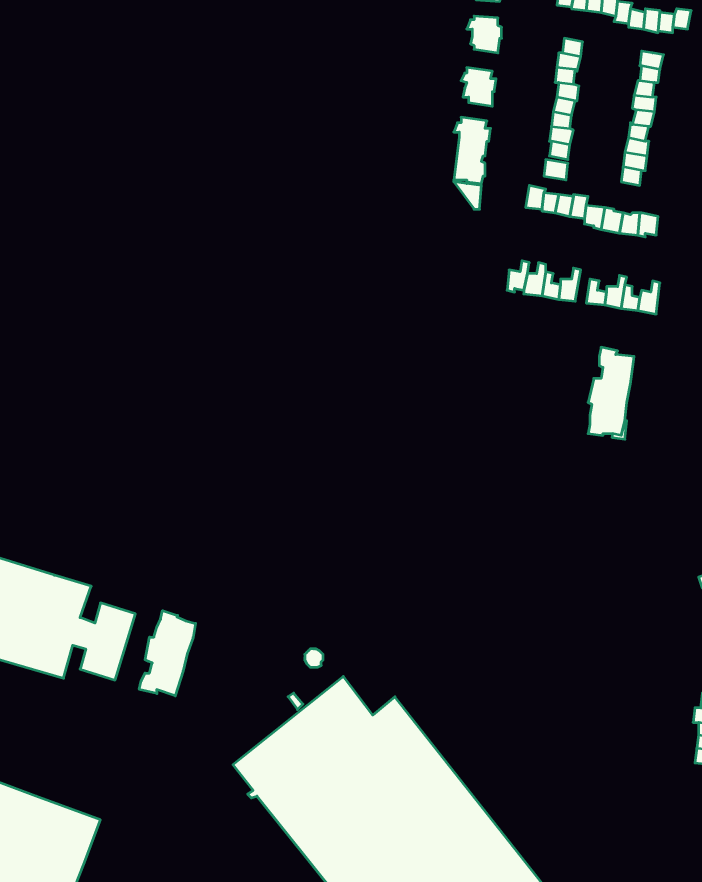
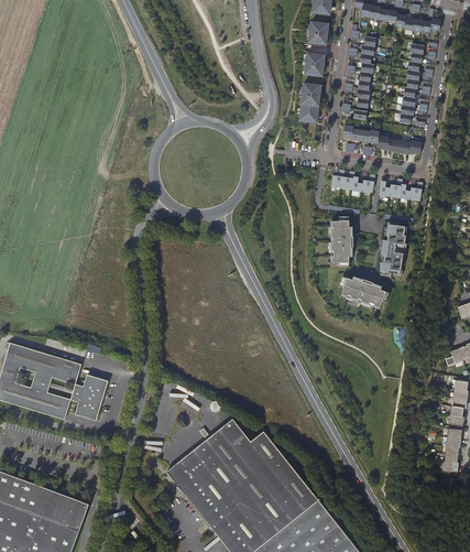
building: none -> [331,216,351,267]
building: none -> [339,277,390,307]
building: [139,611,196,696] -> none

